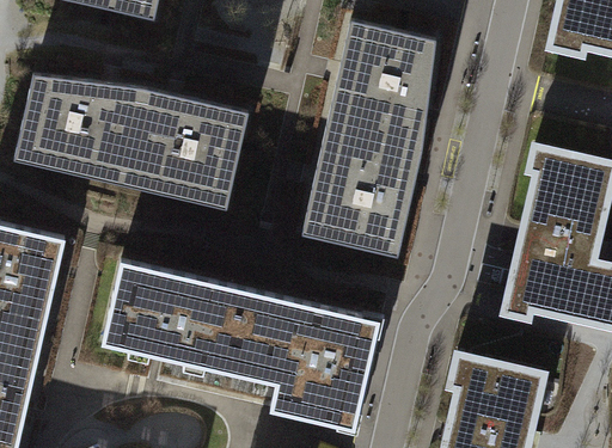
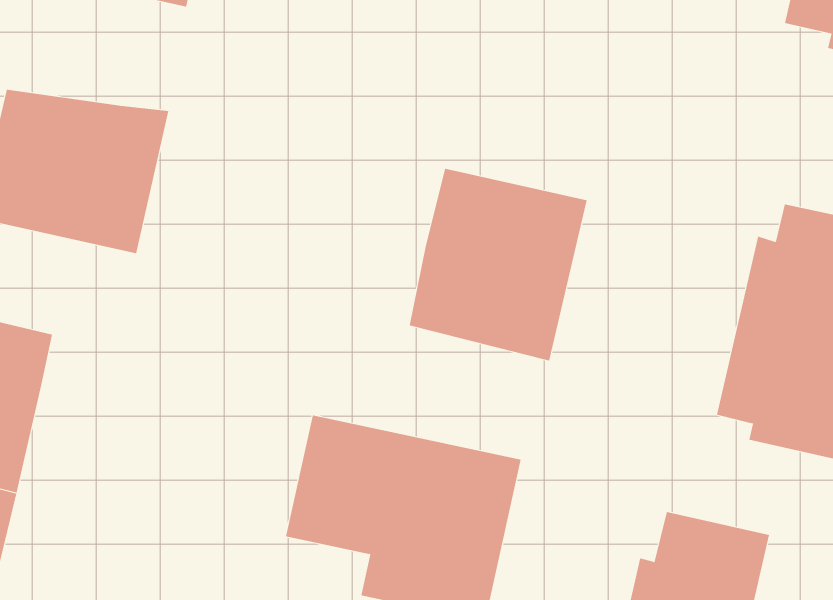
building: [326,19,436,147] -> none
building: [121,87,249,207] -> none
building: [100,263,238,372] -> none

